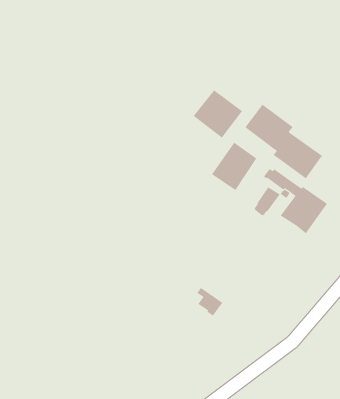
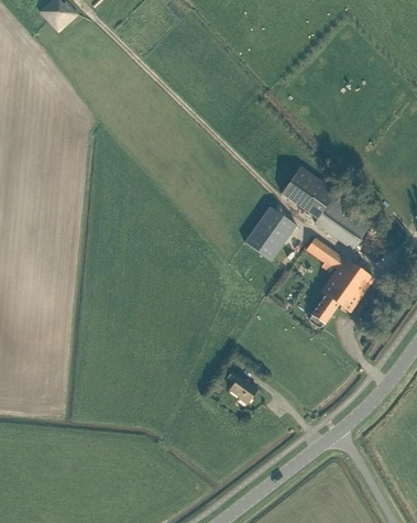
building: [193,90,243,138] -> none
building: [254,187,280,216] -> [309,294,339,327]

